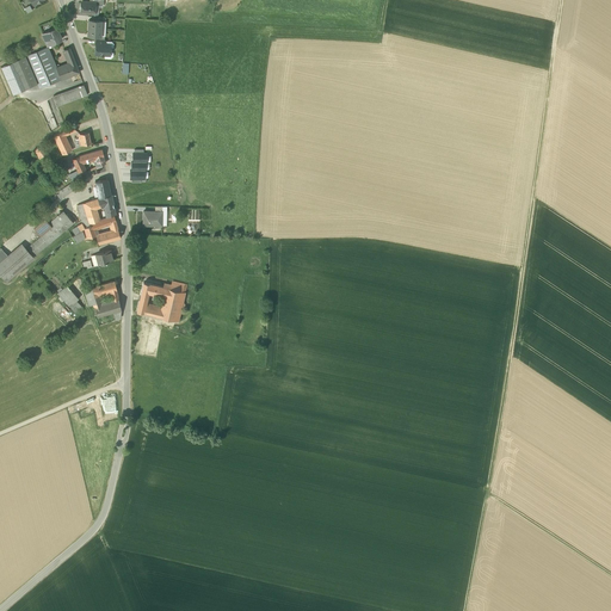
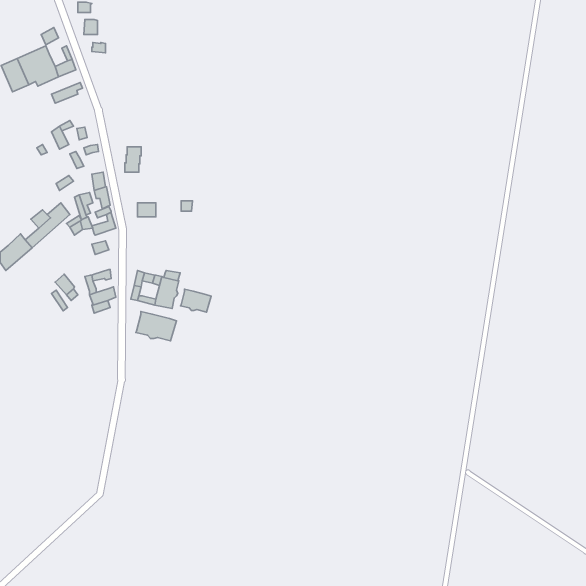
building: none -> [181,289,211,312]
building: none -> [136,311,177,341]

